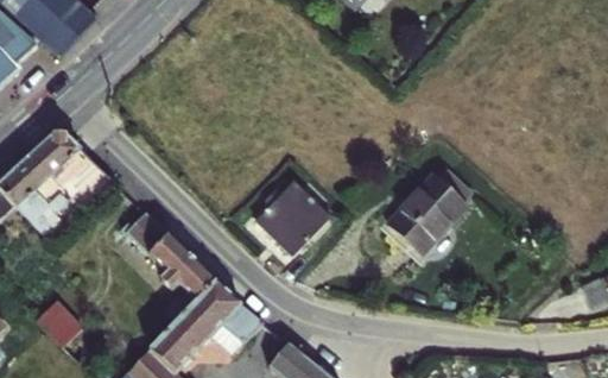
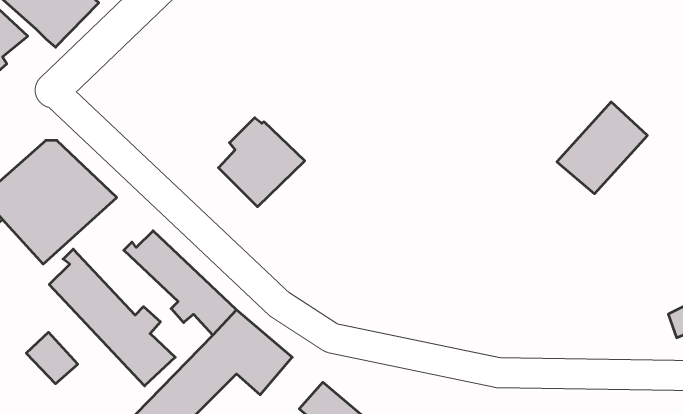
building: [385,176,462,254] -> [557,102,647,194]
building: [255,178,329,254] -> [218,118,305,207]
building: none -> [49,249,175,386]

